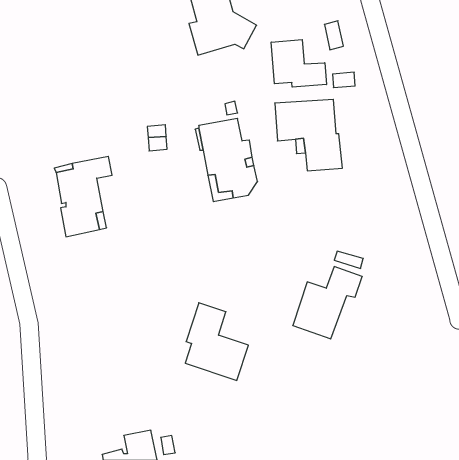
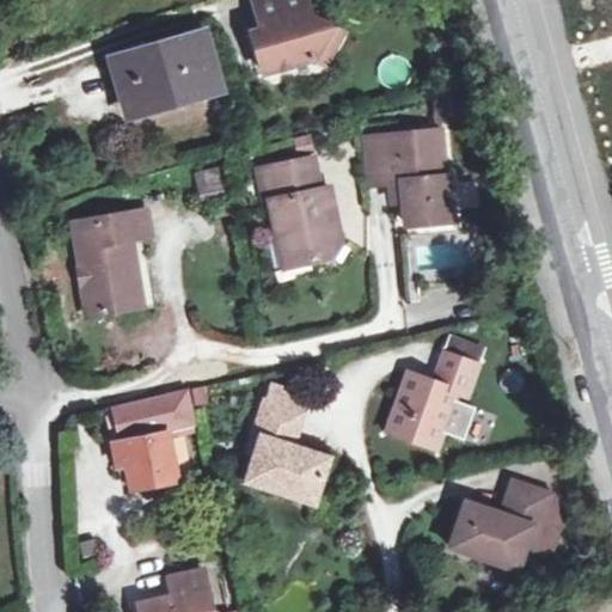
building: none -> [112,32,220,115]
building: [271,40,326,87] -> none
building: none -> [114,387,190,489]
building: none -> [448,484,557,570]

